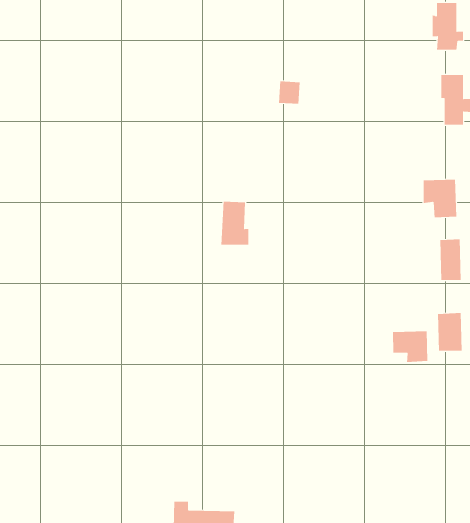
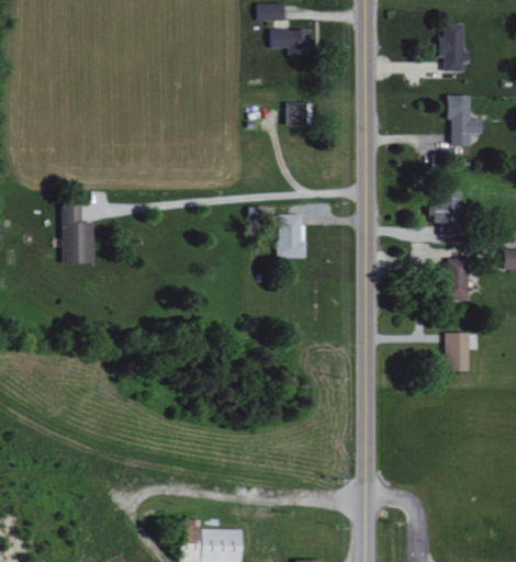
building: none -> [270,29,311,55]
building: none -> [61,205,94,263]
building: [221,201,249,245] -> [278,214,306,258]
building: [393,330,428,363] -> none

